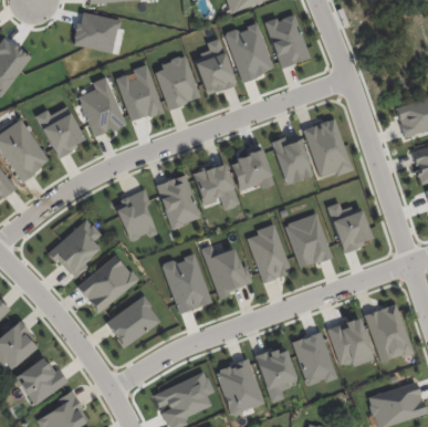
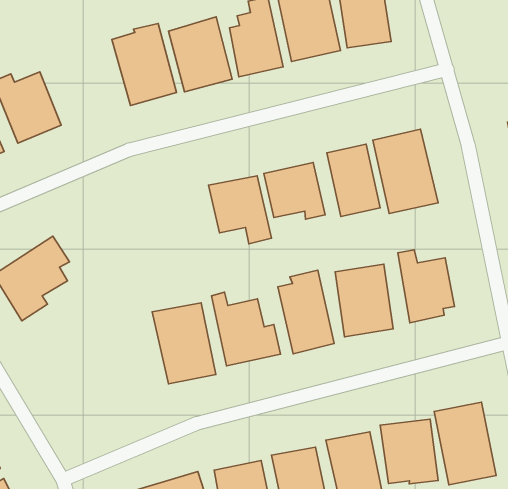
building: [77,76,125,137] -> none
building: [156,175,199,228] -> none
building: [113,191,158,242] -> none
building: [76,254,138,313] -> none
building: [105,295,160,347] -> none

